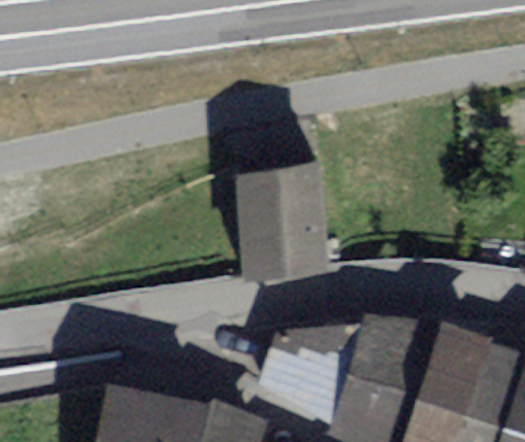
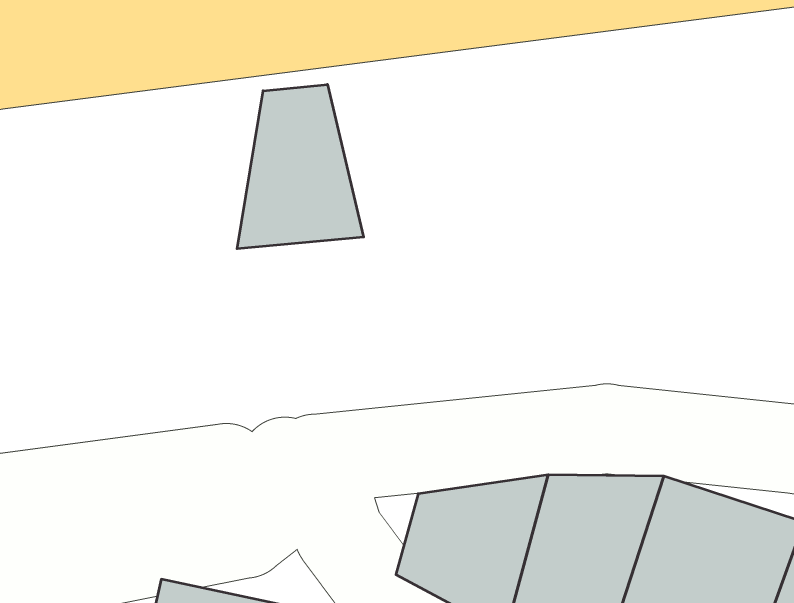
building: none -> [237,84,364,249]
building: [232,170,325,278] -> none

